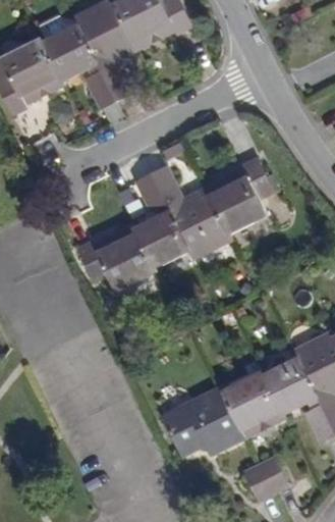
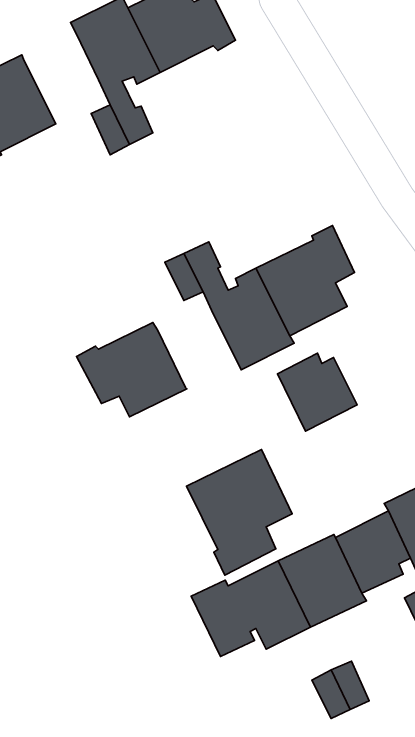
building: [44,24,96,83] -> none
building: [136,215,191,269] -> [278,353,357,431]
building: none -> [186,450,292,575]

